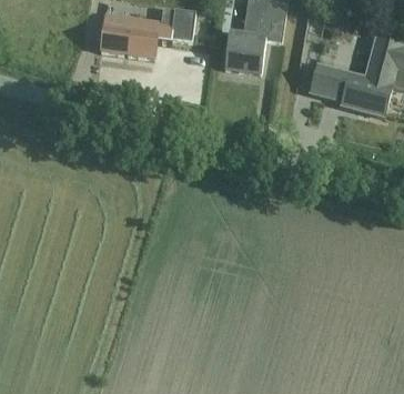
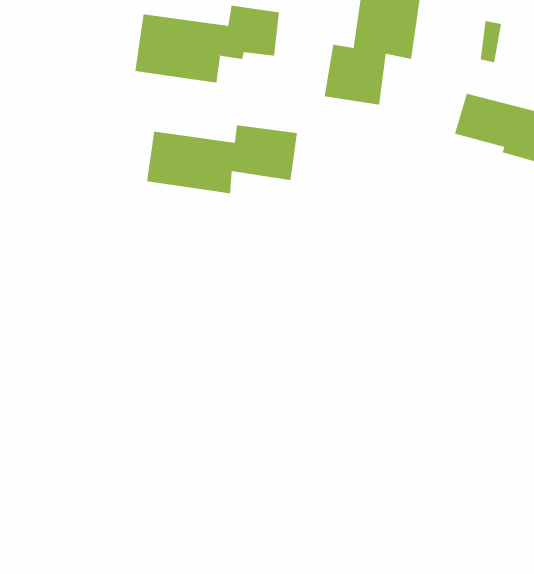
building: none -> [146,125,298,194]

